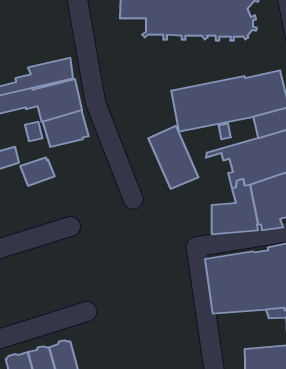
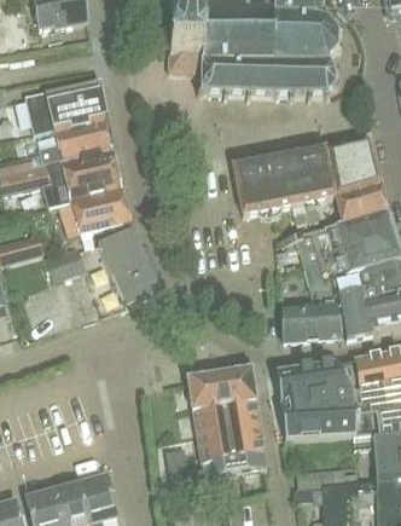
building: none -> [27,79,106,133]
building: [148,126,199,189] -> [98,227,161,306]
building: none -> [187,368,266,476]

